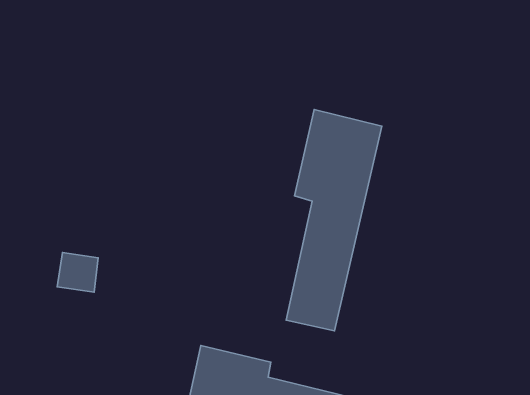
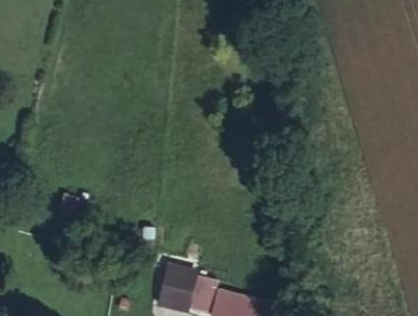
building: [286,109,382,331] -> none

